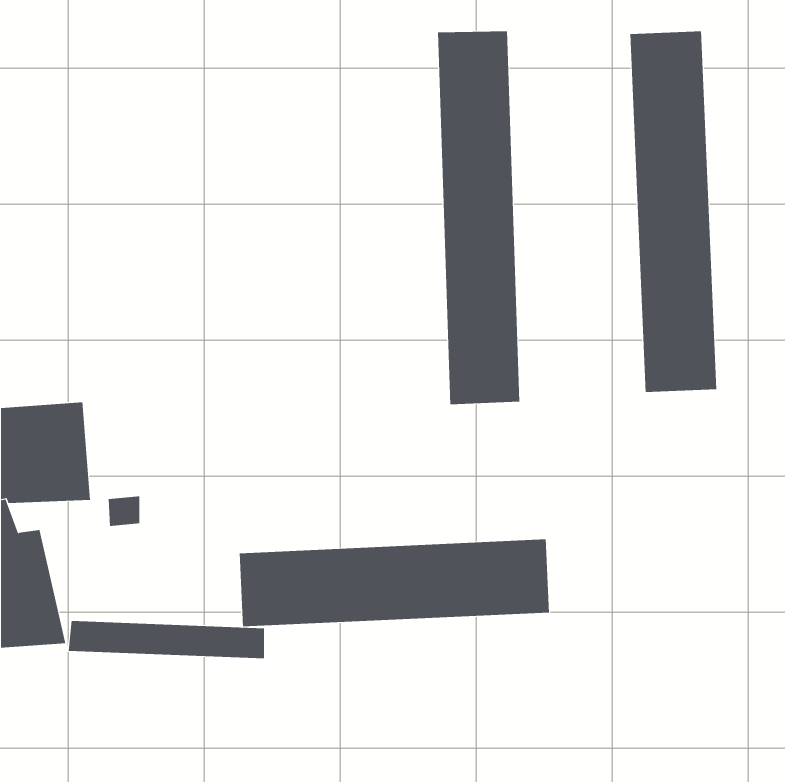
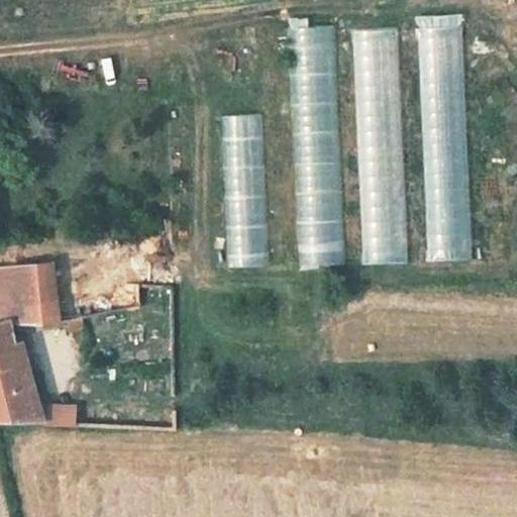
building: none -> [350,24,407,260]
building: none -> [219,108,269,264]
building: [239,539,550,627] -> none

